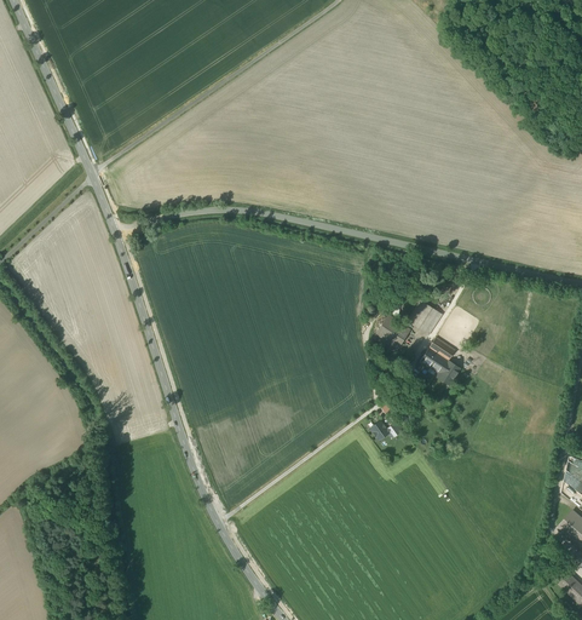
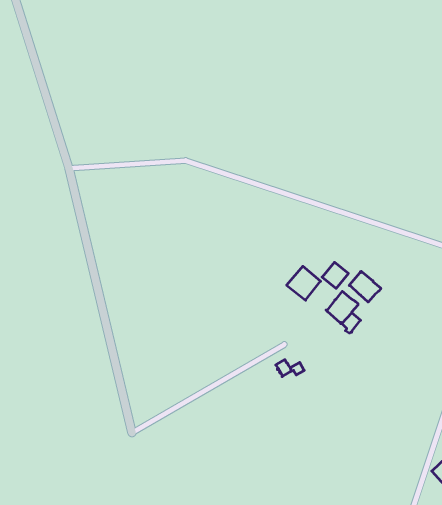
building: none -> [349,271,381,302]

